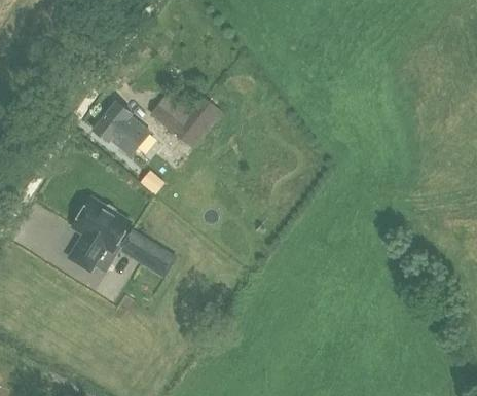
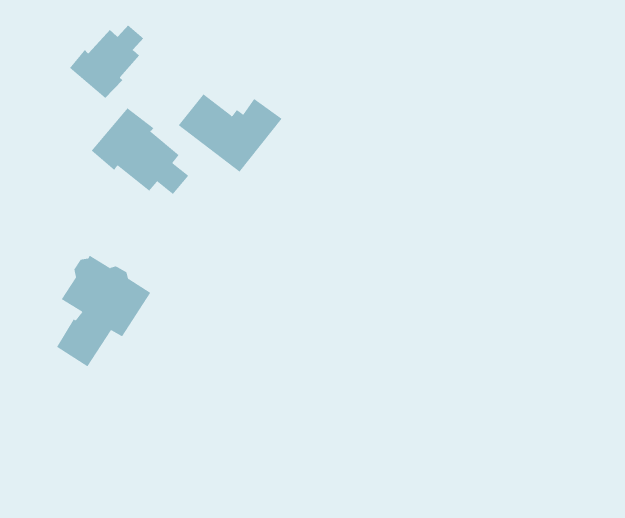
building: none -> [69,24,144,99]
building: [121,231,166,280] -> none

